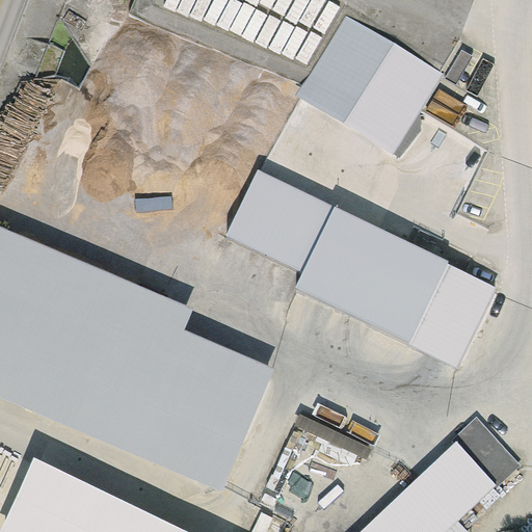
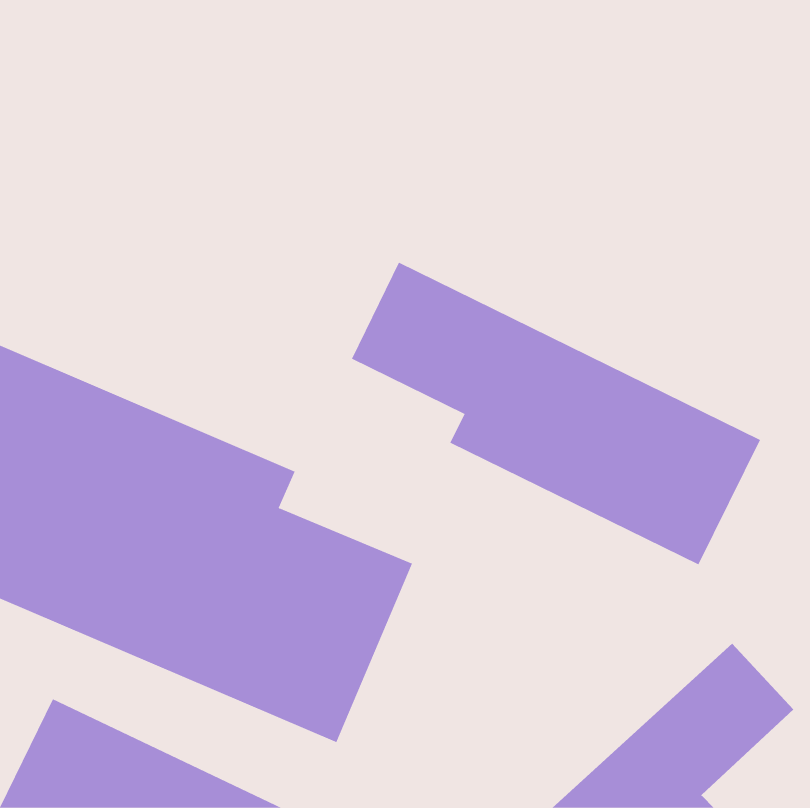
building: [298,20,442,155] -> none

